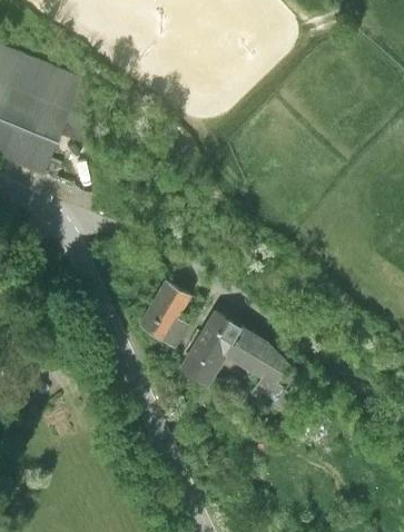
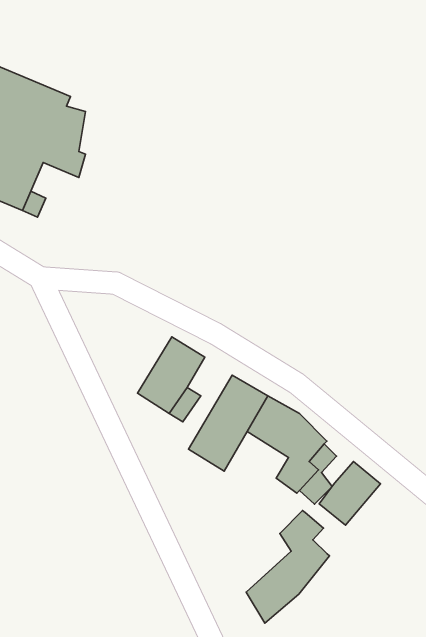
building: none -> [319,462,380,525]
building: none -> [246,511,330,623]

